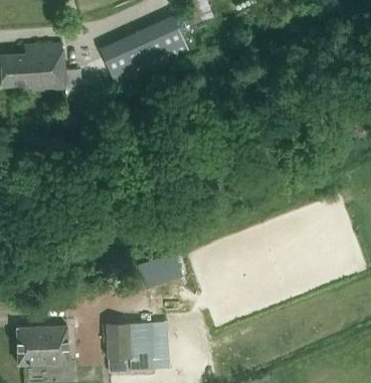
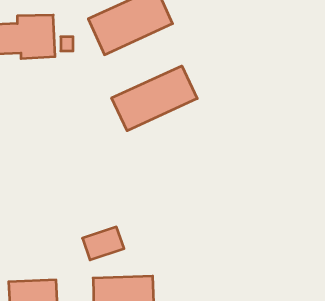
building: none -> [112,66,197,131]
building: [138,253,182,289] -> [82,227,124,260]

